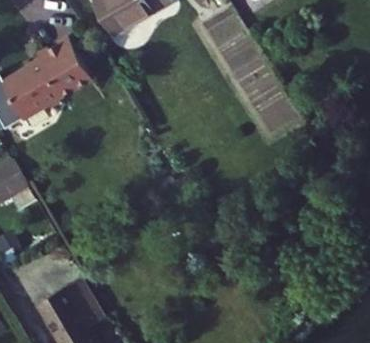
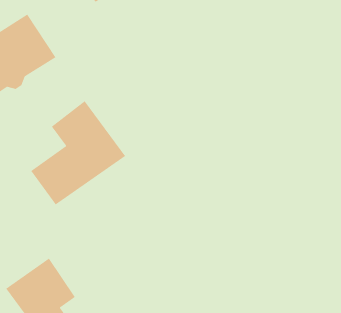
building: none -> [30,100,126,205]

